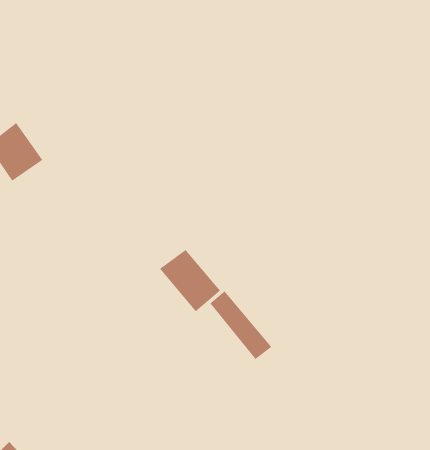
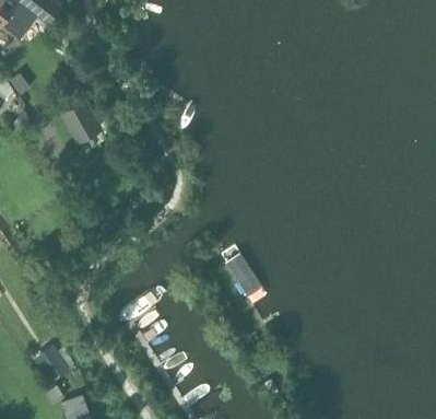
building: [159,249,221,312] -> none

